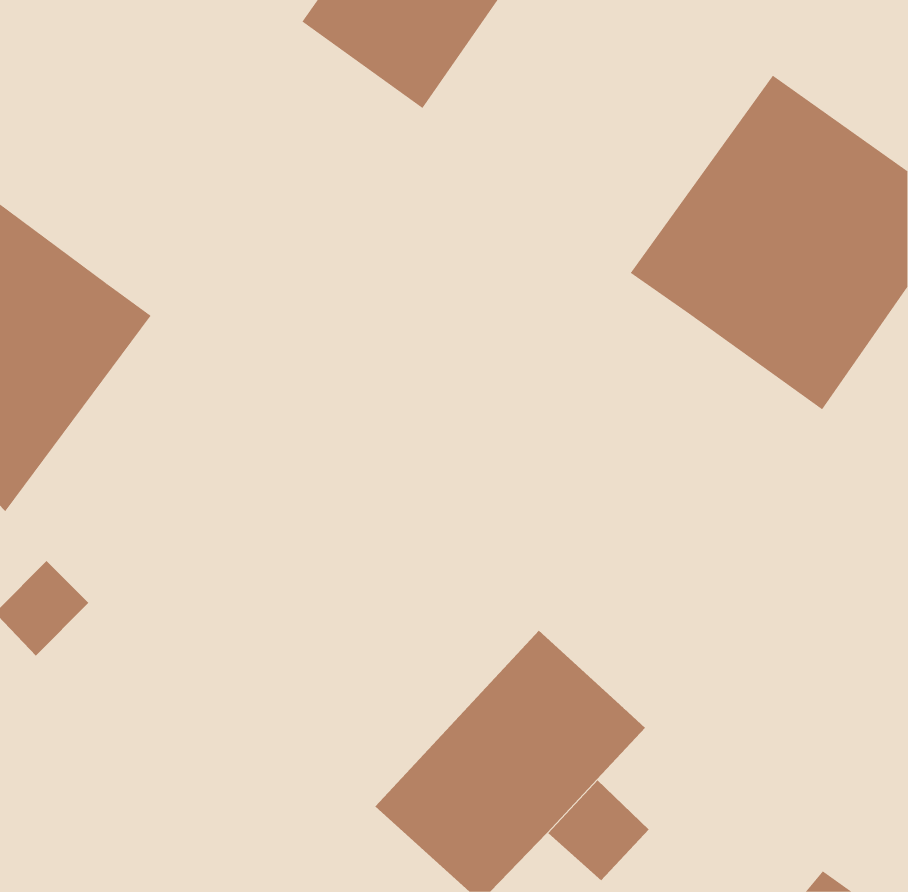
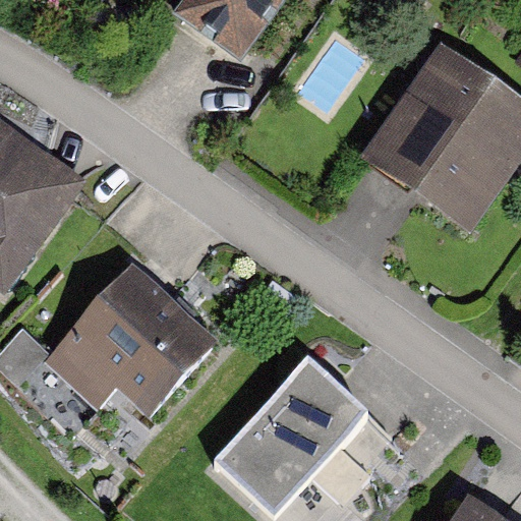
building: none -> [45,262,218,416]

